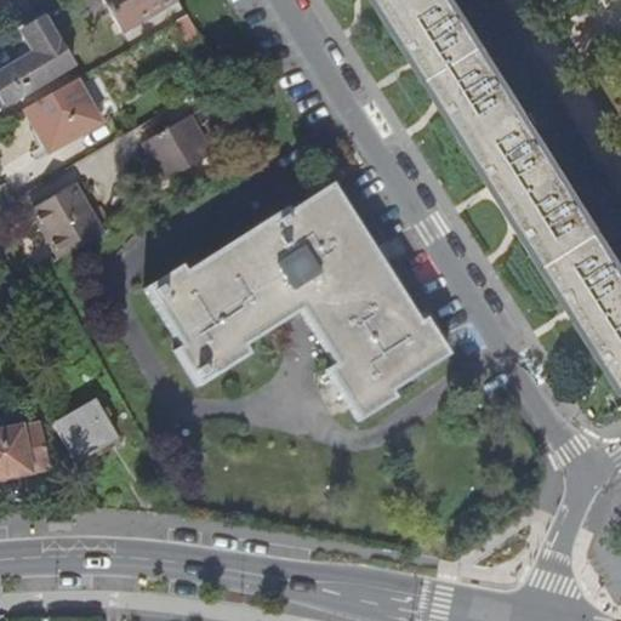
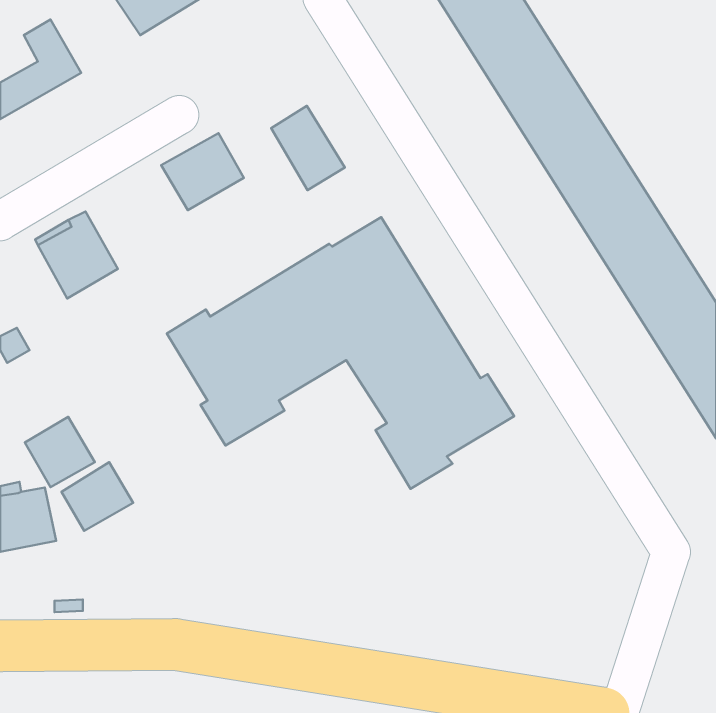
building: [23,78,98,149] -> none
building: none -> [271,106,345,190]
building: none -> [25,417,95,487]

